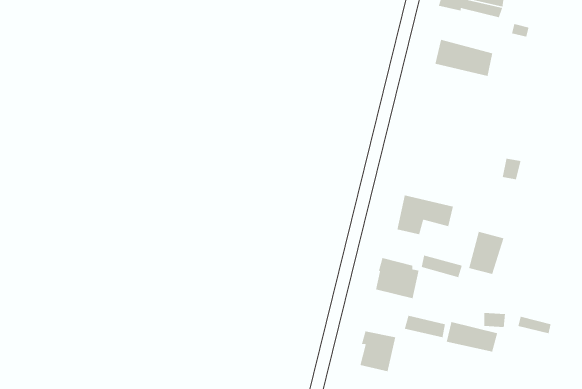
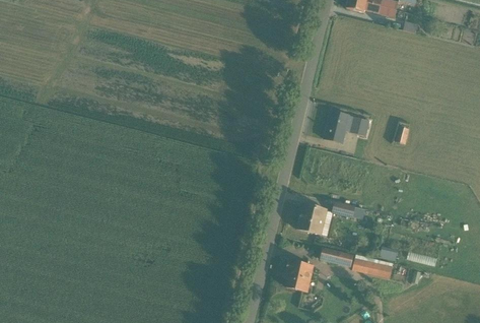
building: [435,39,493,77] -> none
building: [396,194,454,235] -> [325,111,369,142]
building: [468,231,504,275] -> none

